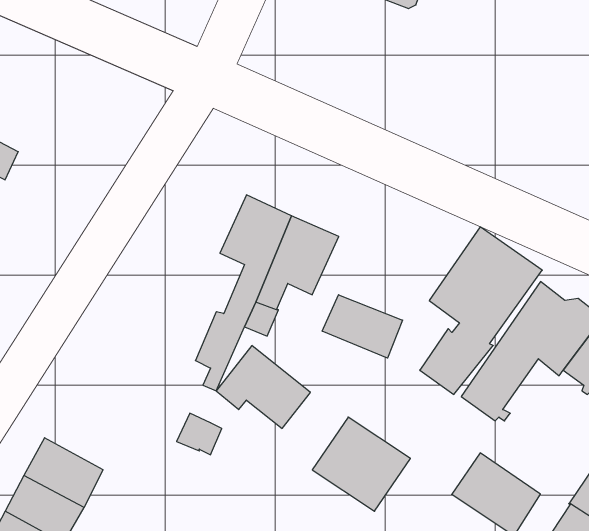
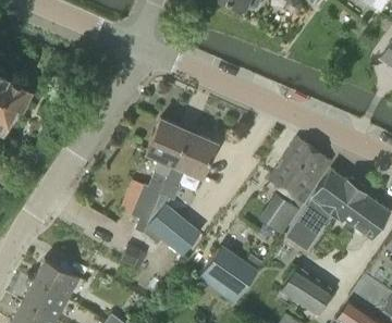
building: [322,295,403,358] -> none

